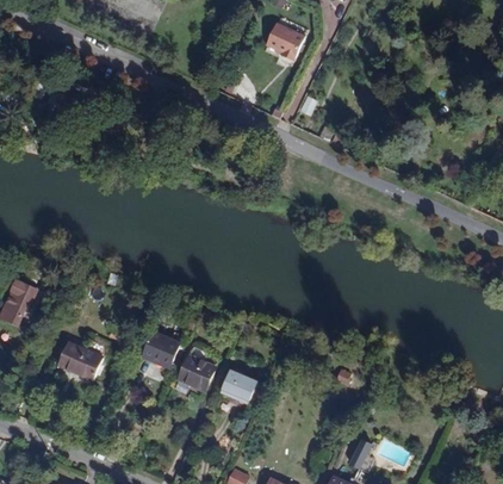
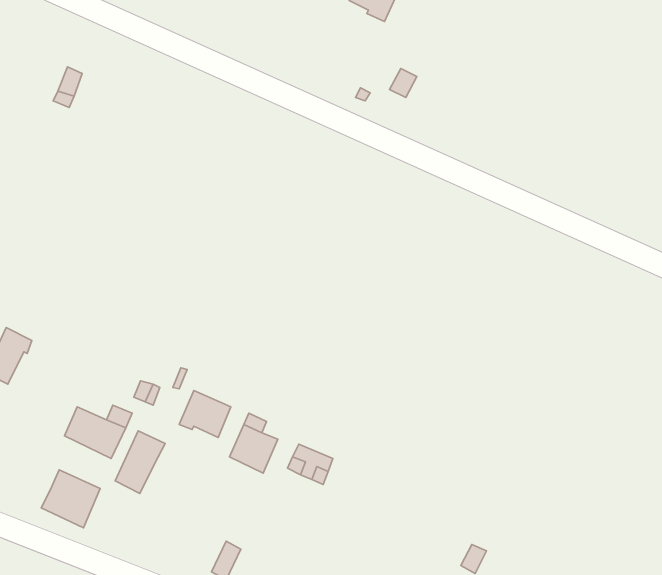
building: none -> [115,431,165,493]
building: none -> [41,470,100,528]

